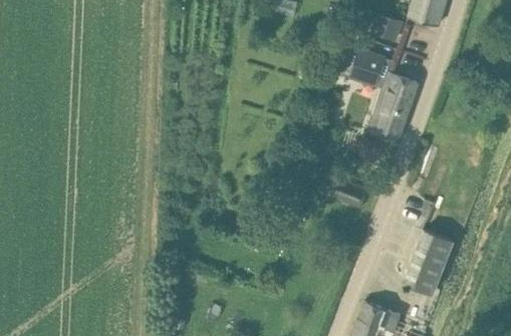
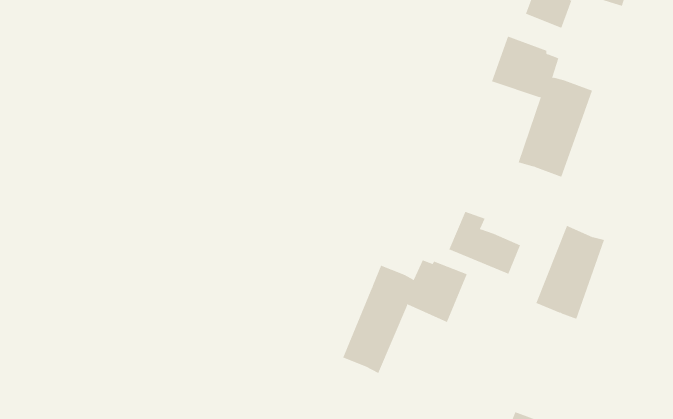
building: none -> [342,259,468,374]
building: [404,230,451,294] -> [536,225,605,319]

